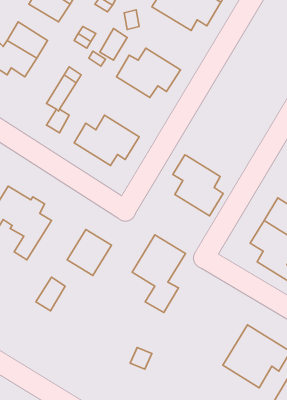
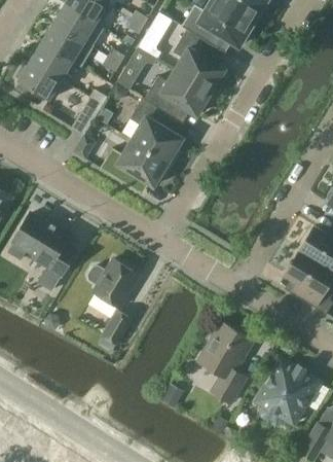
building: none -> [42,24,84,62]
building: none -> [174,30,225,93]
building: [173,155,223,216] -> [131,99,183,163]
building: [132,235,185,313] -> [198,322,254,403]
building: [36,277,65,311] -> [101,309,132,344]

